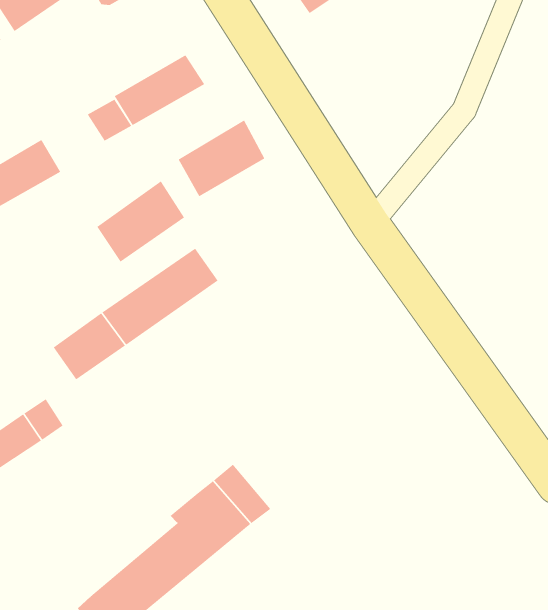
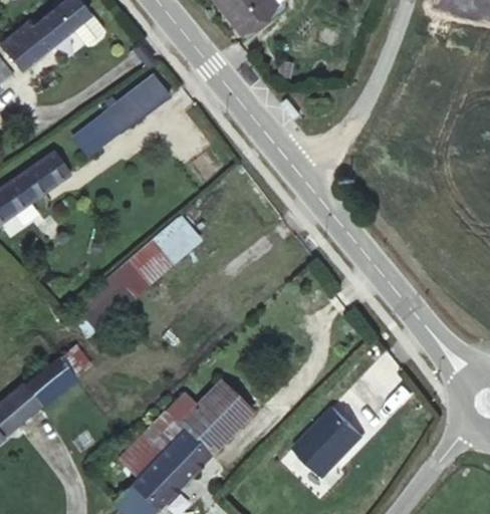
building: [178,119,265,197] -> none
building: [96,180,185,263] -> none
building: none -> [105,394,197,493]
building: none -> [294,409,363,479]

